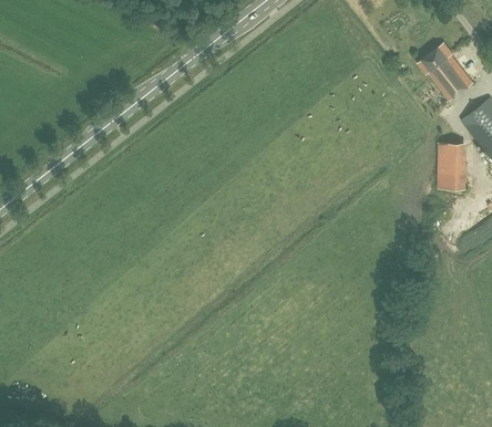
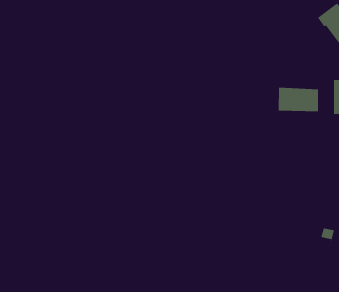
building: none -> [278,87,319,112]

